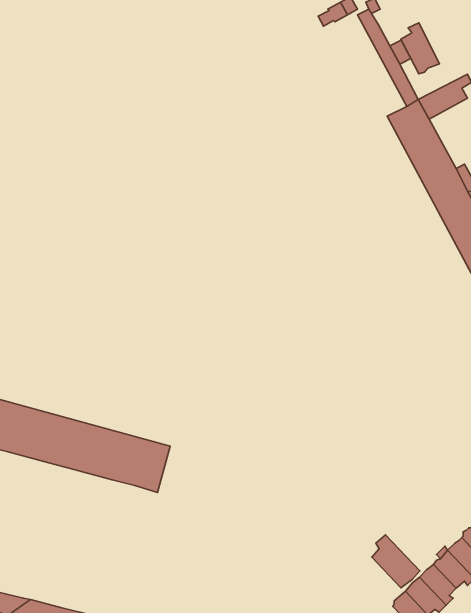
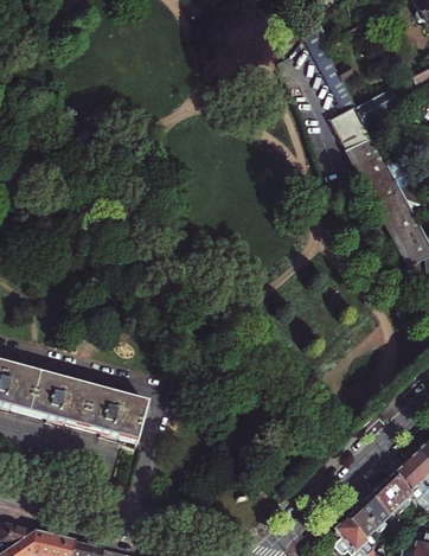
building: [401,23,440,74] -> none
building: [372,535,420,588] -> none

